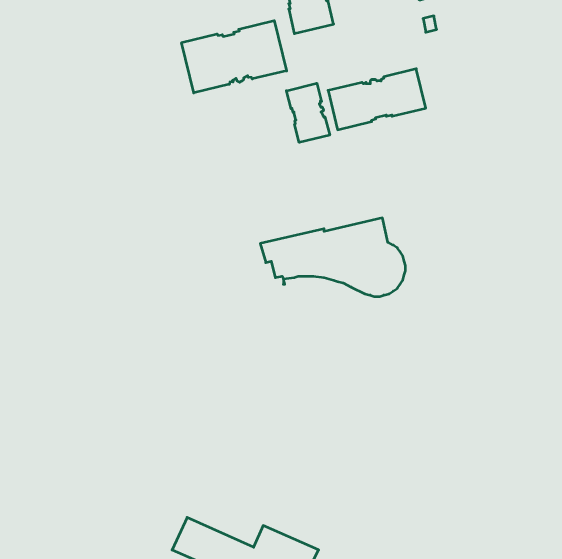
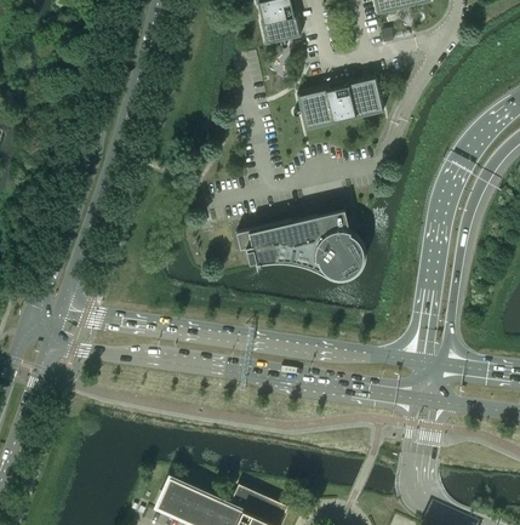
building: [182,21,287,93] -> none
building: [286,83,330,142] -> none

